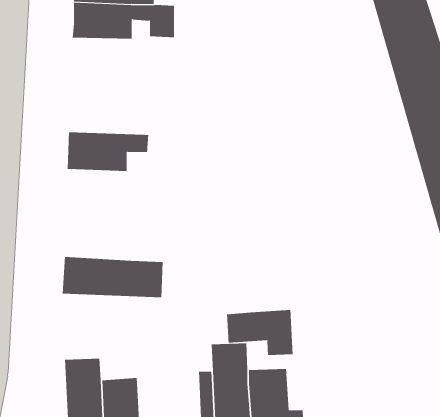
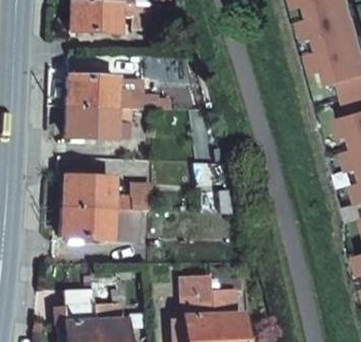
building: none -> [61,77,154,109]
building: none -> [58,177,147,210]
building: [227,309,293,356] -> none

